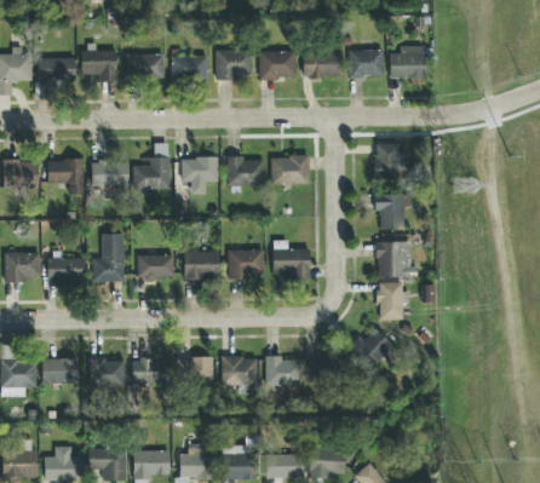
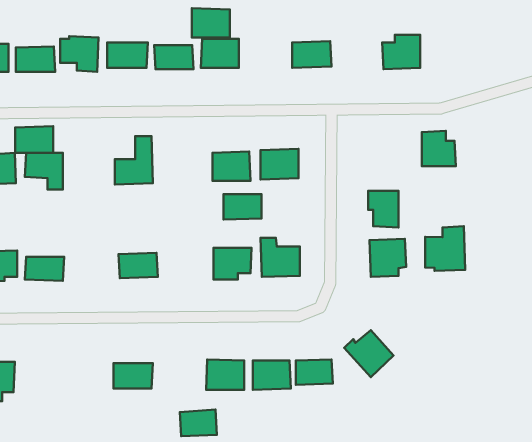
building: [259,50,295,77] -> [192,8,230,37]
building: [349,50,384,77] -> none
building: [375,143,408,177] -> [422,131,456,166]
building: [182,157,218,182] -> [223,194,261,220]
building: [92,160,128,185] -> [15,126,53,153]
building: none -> [425,226,465,271]
building: [93,232,125,282] -> none
building: [183,251,219,278] -> none
building: [379,282,403,320] -> none
building: [178,356,213,381] -> [180,410,217,436]
building: [42,357,79,384] -> none
building: [90,358,125,386] -> none

